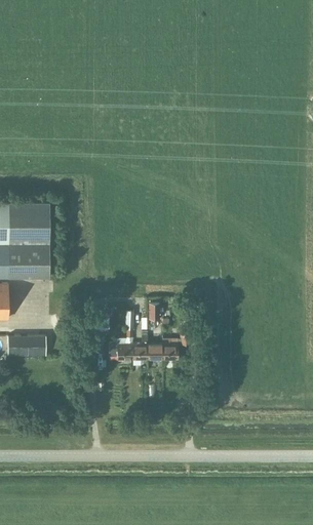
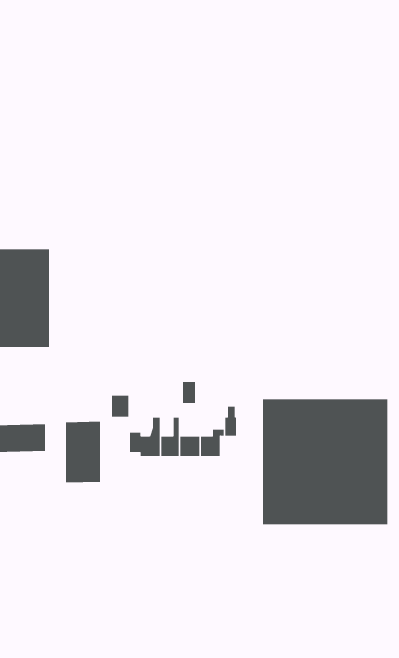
building: none -> [263,398,388,525]
building: none -> [66,421,101,483]

